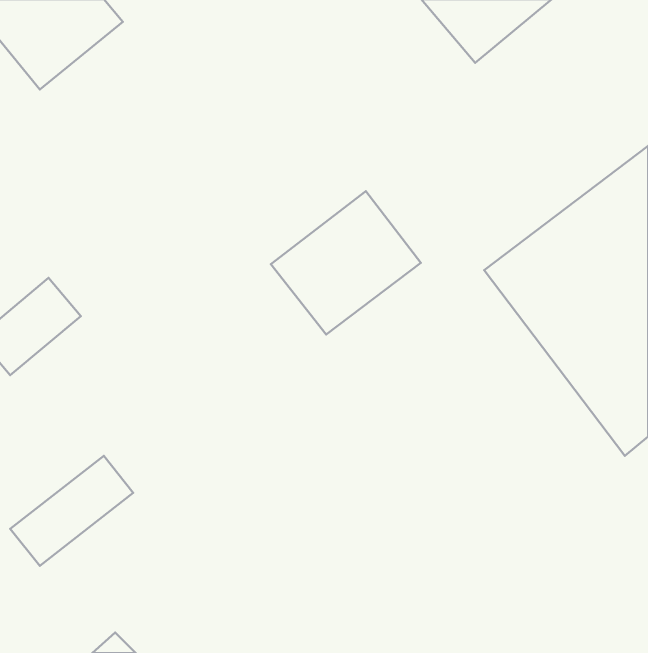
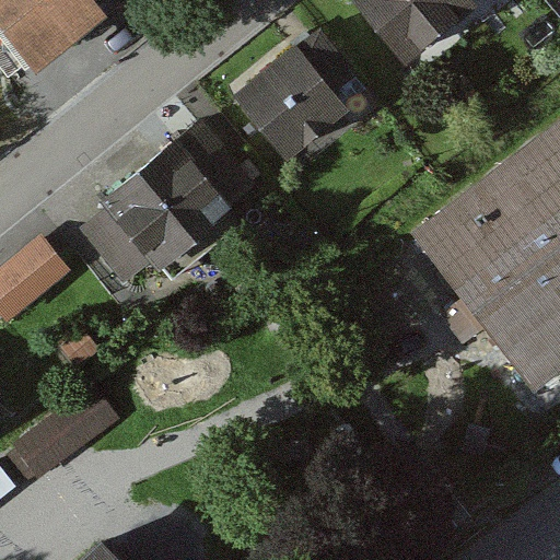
building: none -> [83,125,248,279]
building: [271,191,421,334] -> [238,37,366,160]

